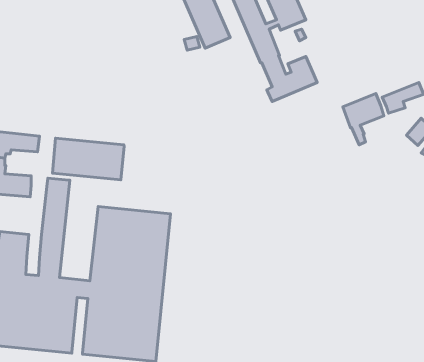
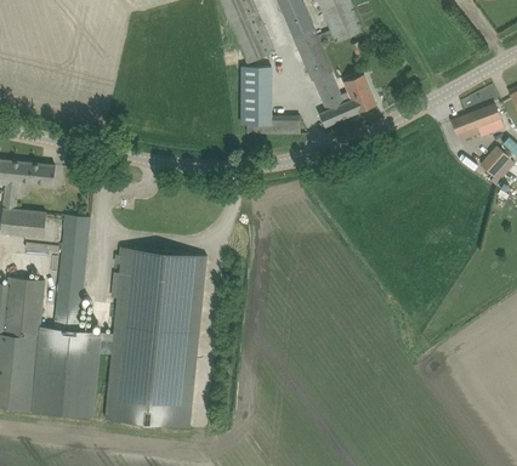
building: none -> [239,67,300,133]
building: [343,94,384,145] -> none
building: [52,138,124,180] -> none

